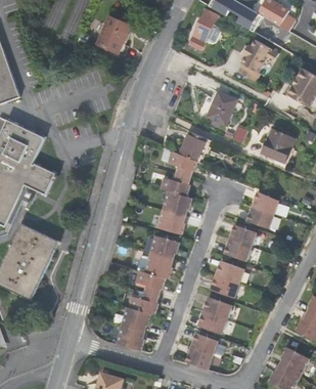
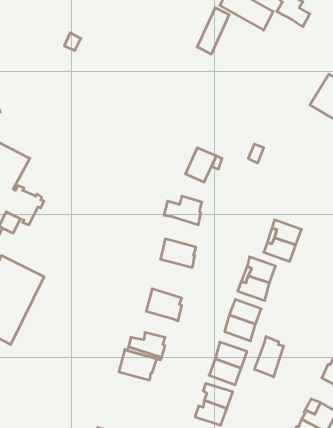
building: [96,16,129,55] -> none
building: [238,38,278,80] -> none
building: [206,89,235,123] -> none
building: [261,127,294,161] -> none
building: [167,148,199,177] -> none
building: [162,189,194,216] -> none
building: [150,235,182,260] -> none
building: [136,269,168,294] -> none
building: none -> [255,336,284,377]
building: [117,323,148,350] -> none

